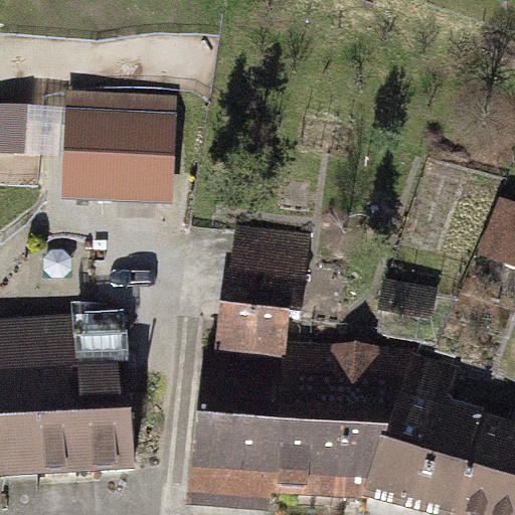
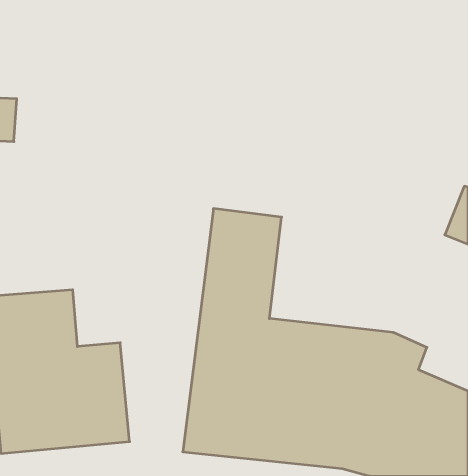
building: [62,95,178,201] -> none

